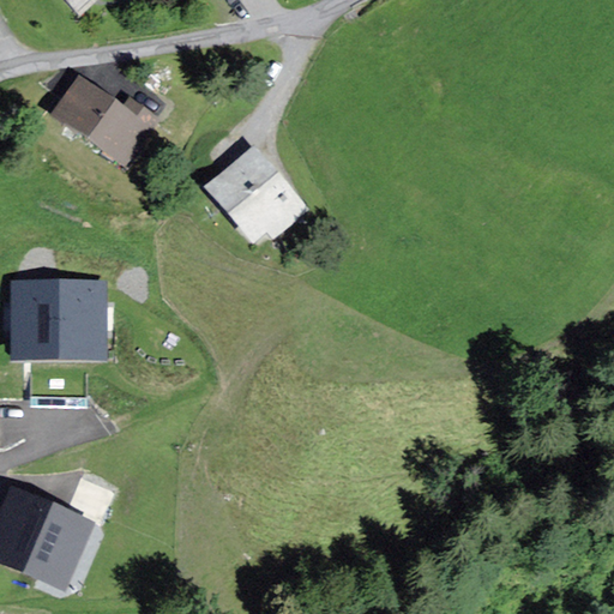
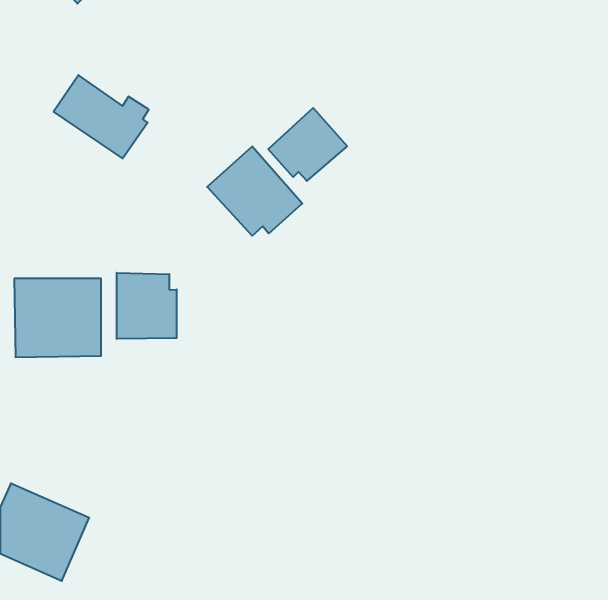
building: none -> [268,108,347,181]
building: none -> [117,273,177,339]

